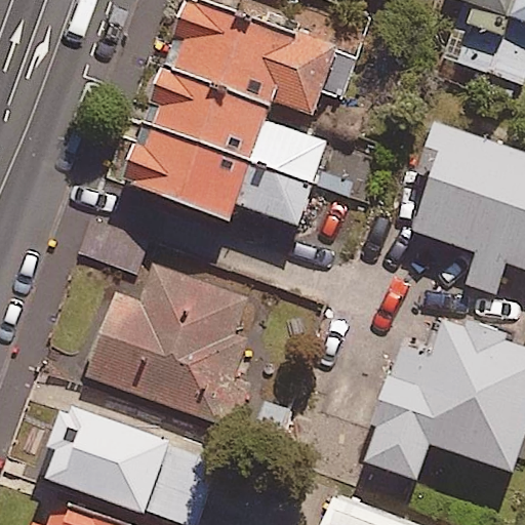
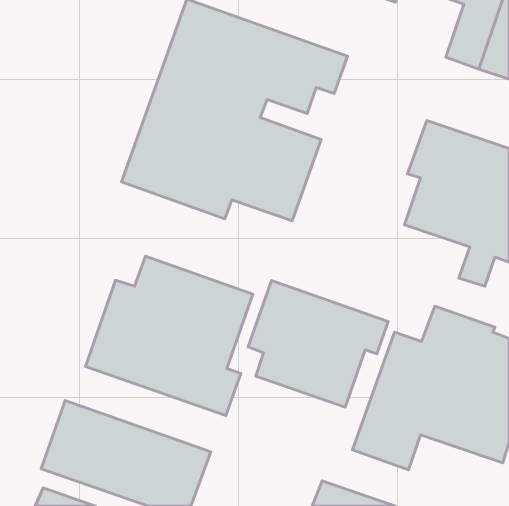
building: none -> [248,280,388,407]

